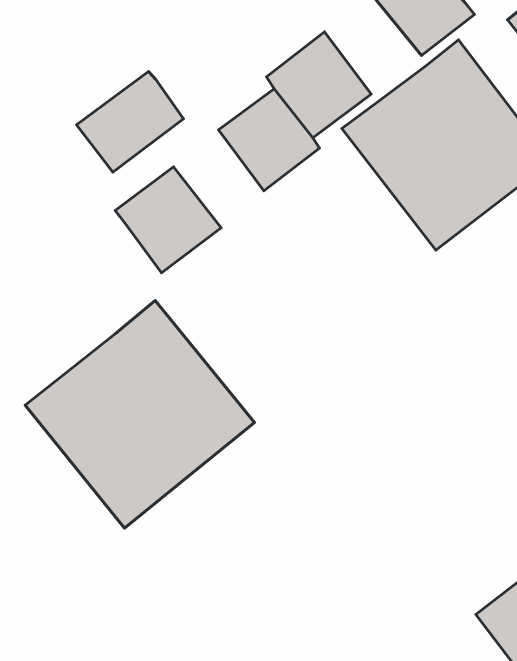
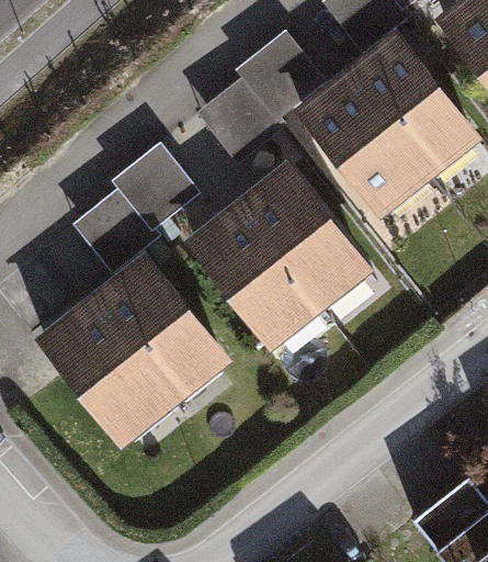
building: [77,71,184,172] -> none
building: none -> [189,167,366,346]
building: none -> [76,191,160,276]

